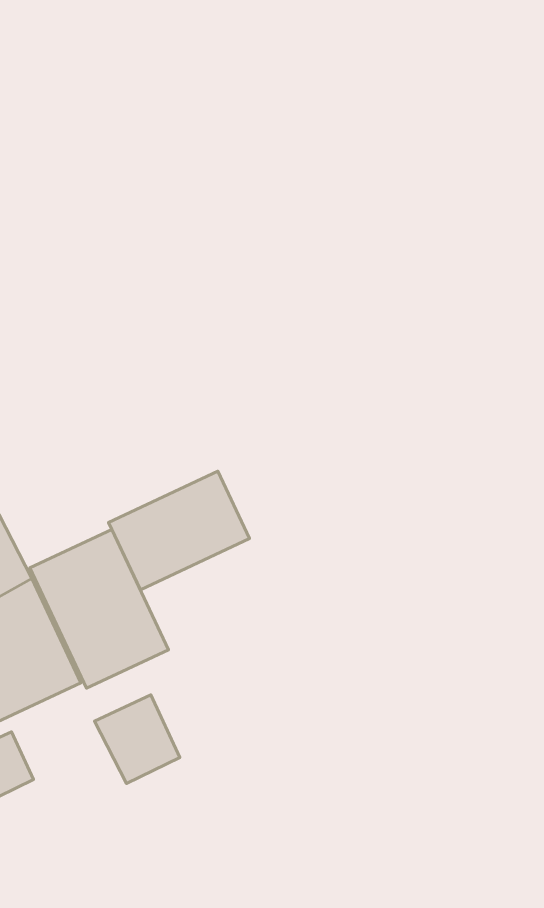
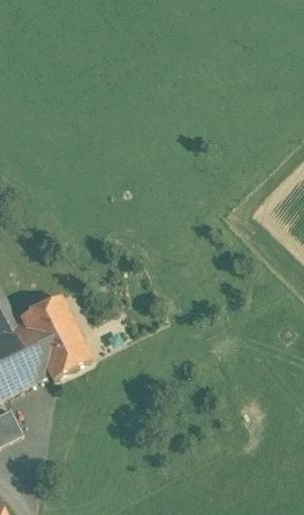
building: [109,471,249,590] -> none
building: [95,695,180,783] -> none

